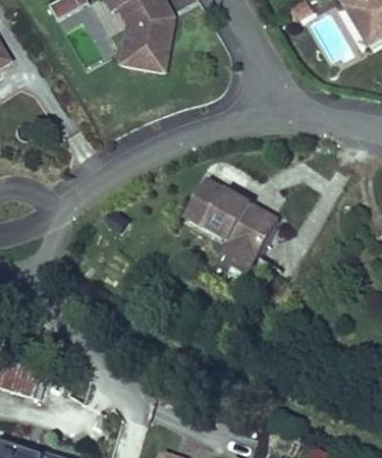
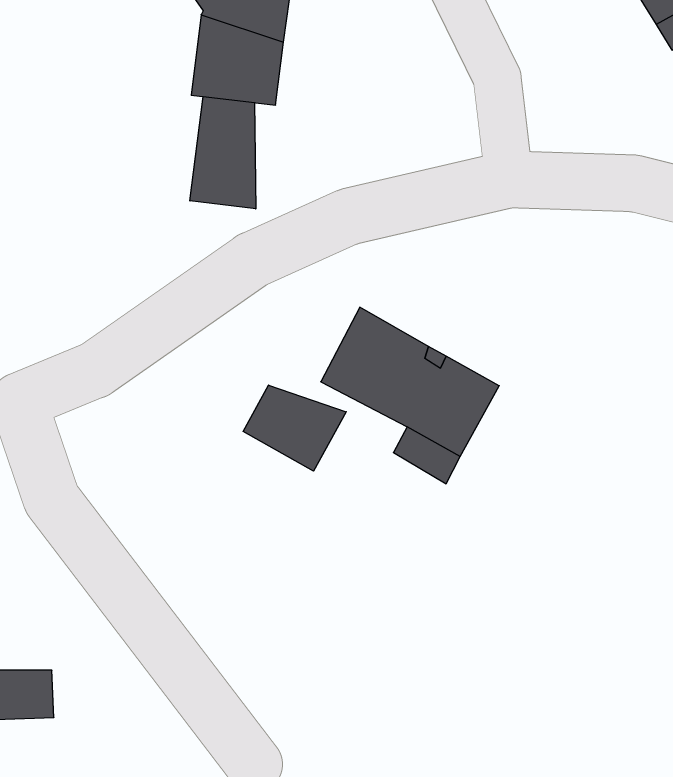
building: none -> [190,97,256,209]
building: none -> [243,385,346,471]

